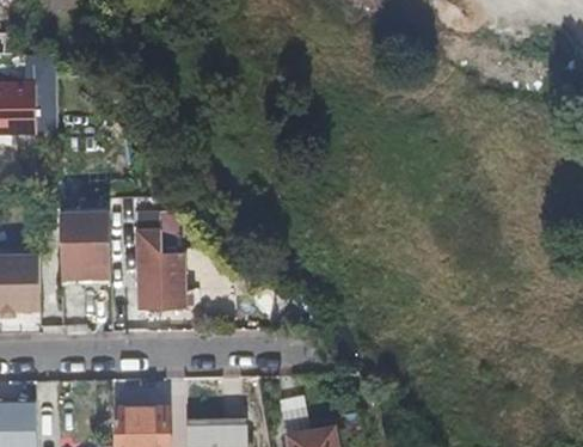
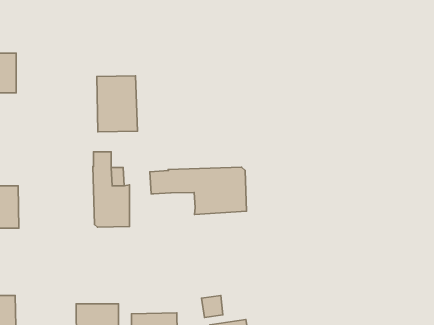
building: [51,213,104,286] -> [97,76,137,132]
building: none -> [150,167,247,215]

